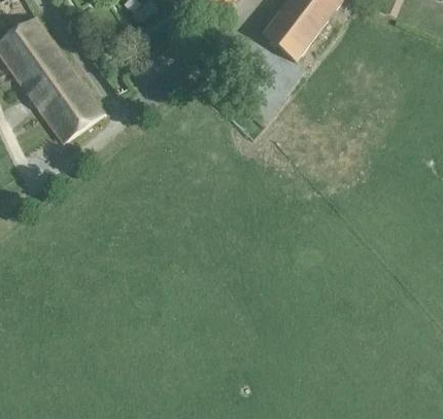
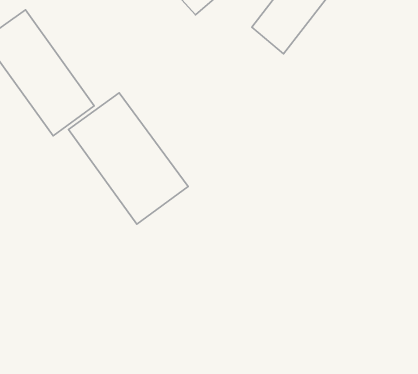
building: none -> [68,93,188,224]

